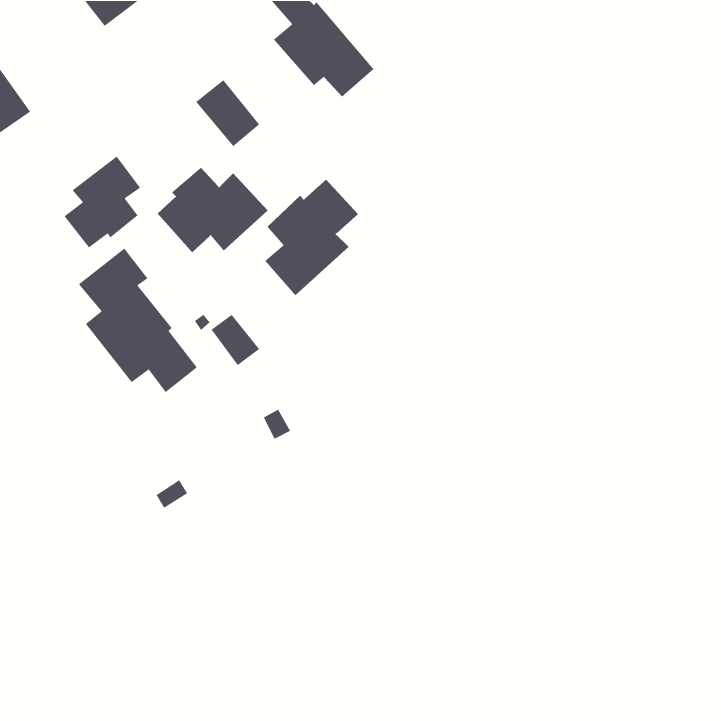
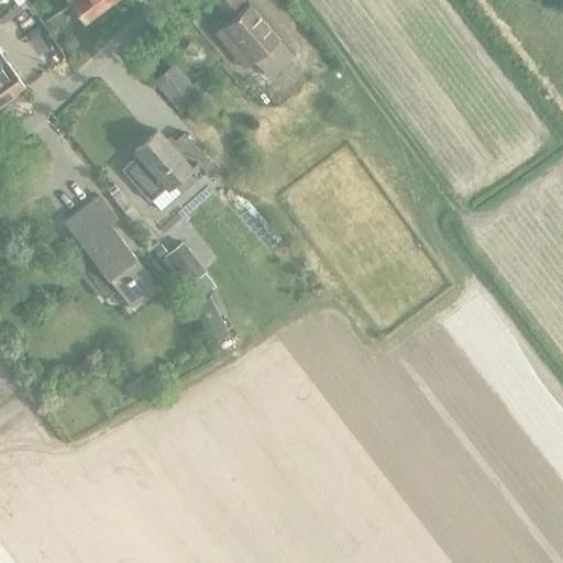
building: [63,155,141,249] -> none
building: [264,179,359,296] -> none

